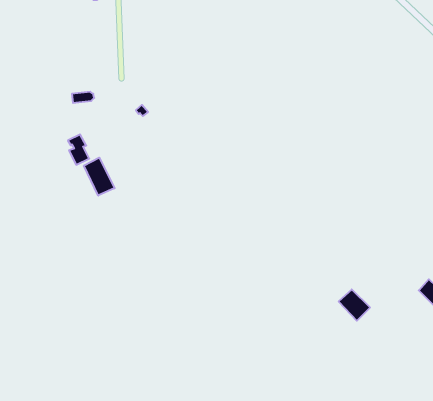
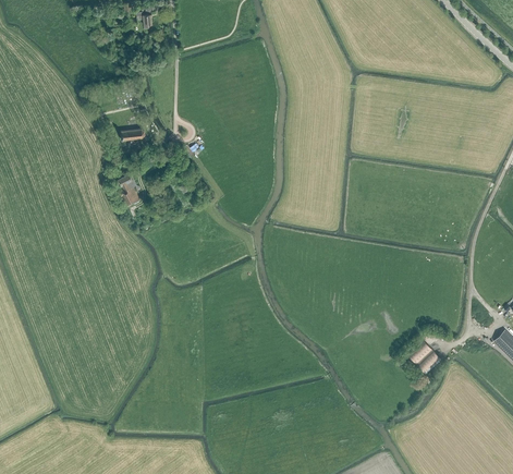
building: [84,158,115,196] -> none

